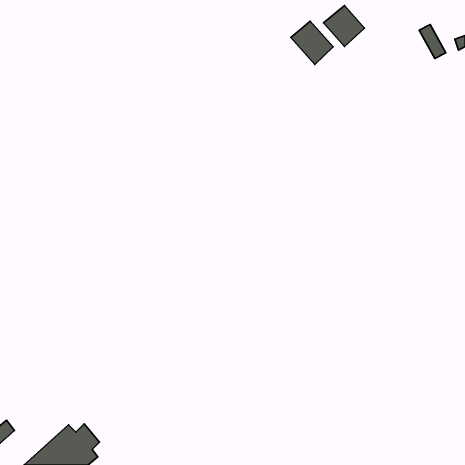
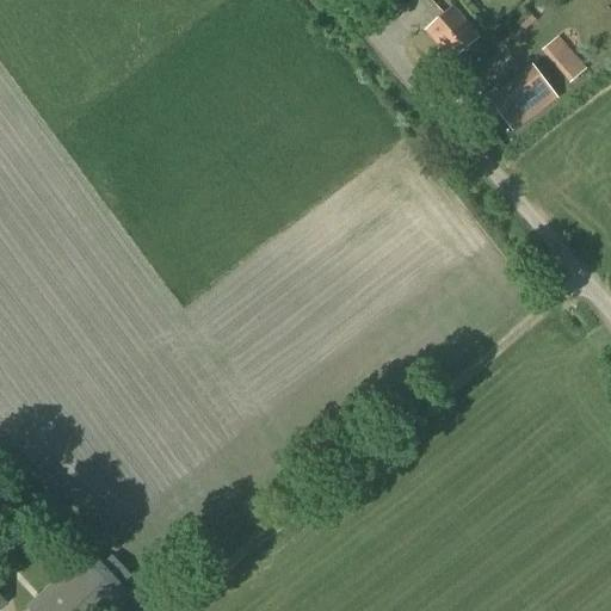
building: [291,21,333,65] -> none
building: none -> [487,67,554,131]

